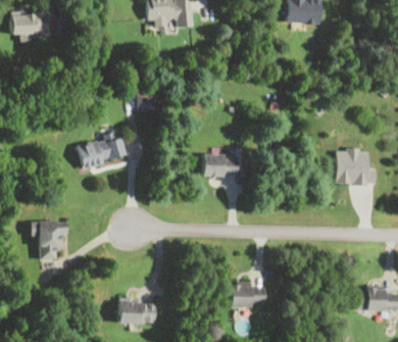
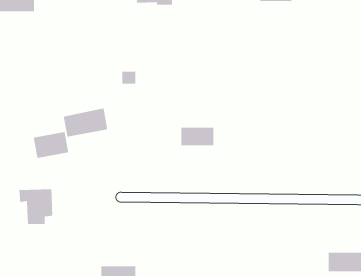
building: [340,158,376,180] -> none
building: none -> [33,131,69,159]
building: [230,285,265,306] -> none

